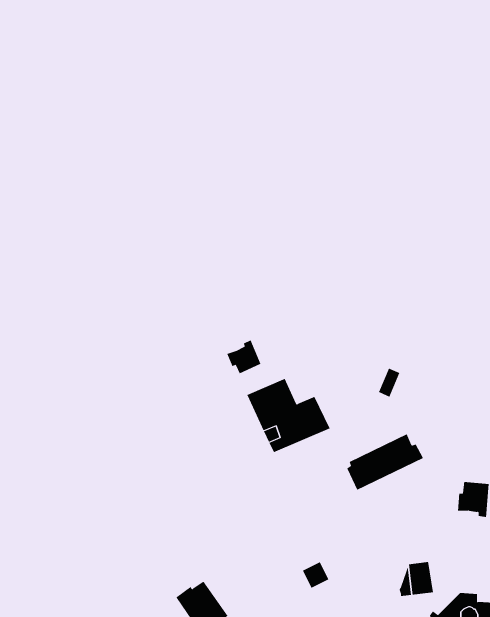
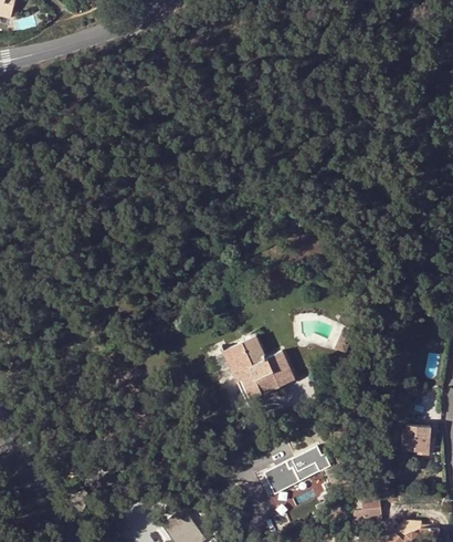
building: [226,340,261,374] -> none
building: [346,434,424,490] -> [265,446,331,494]

